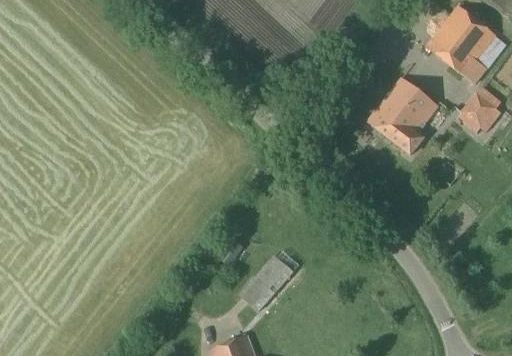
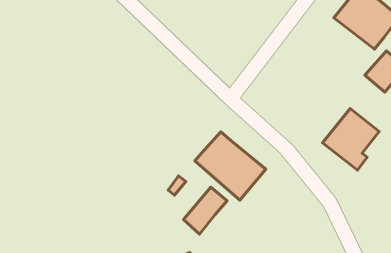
building: [367,78,437,154] -> [323,109,379,170]
building: none -> [195,132,266,200]

